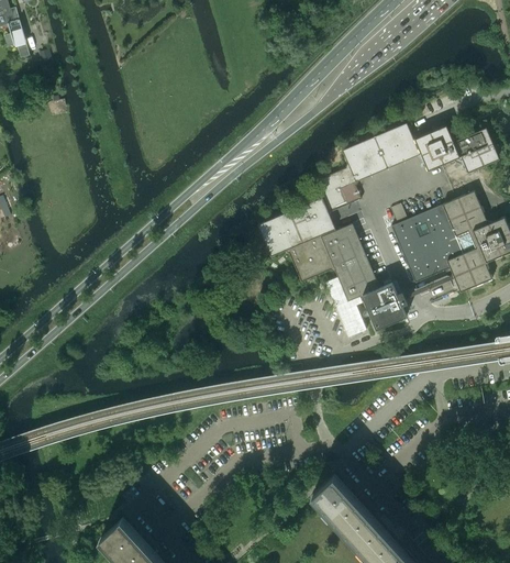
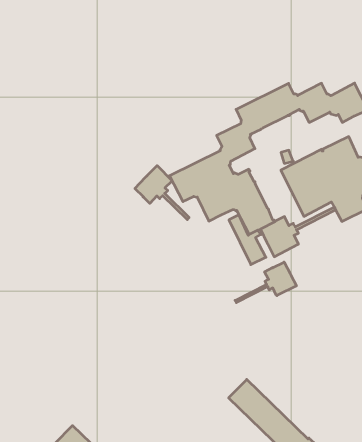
building: none -> [135,166,189,220]
building: none -> [235,262,296,303]

